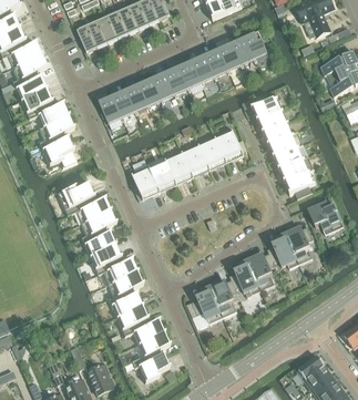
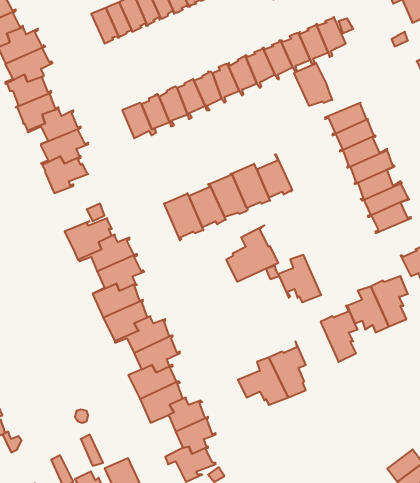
building: [215,127,244,160] -> [294,63,332,106]
building: none -> [226,225,278,282]
building: [229,260,262,296] -> [278,255,321,302]

